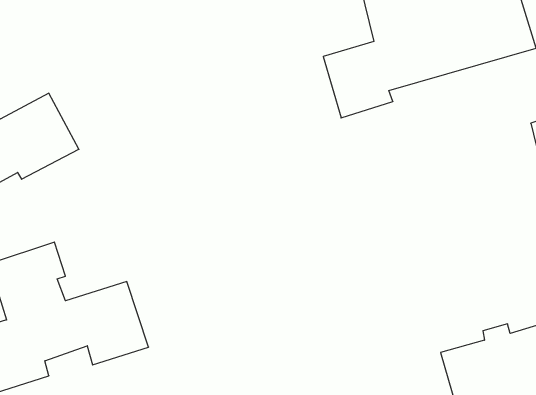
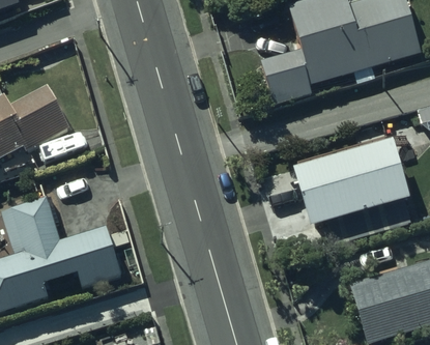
building: none -> [288,137,408,242]

